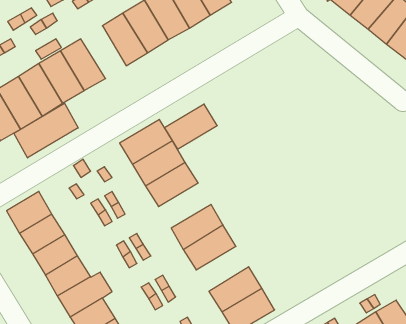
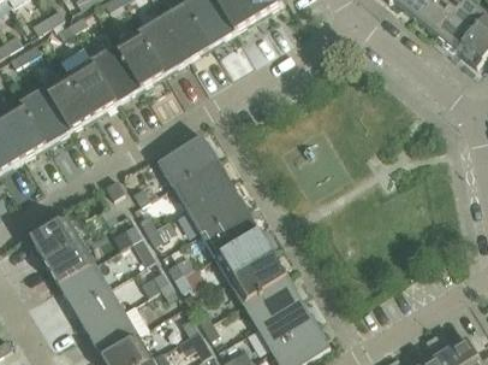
building: none -> [113,30,163,89]
building: [14,103,78,158] -> none
building: [164,104,217,149] -> [200,206,258,257]
building: none -> [242,277,300,328]

